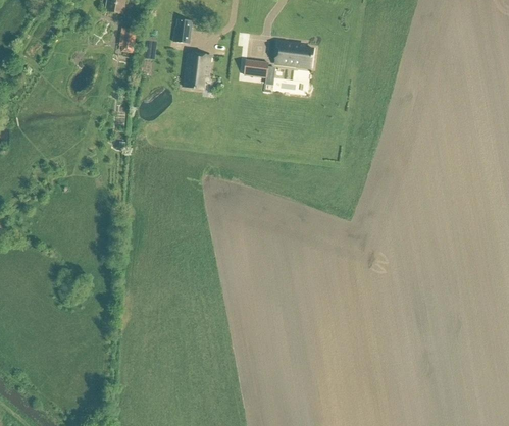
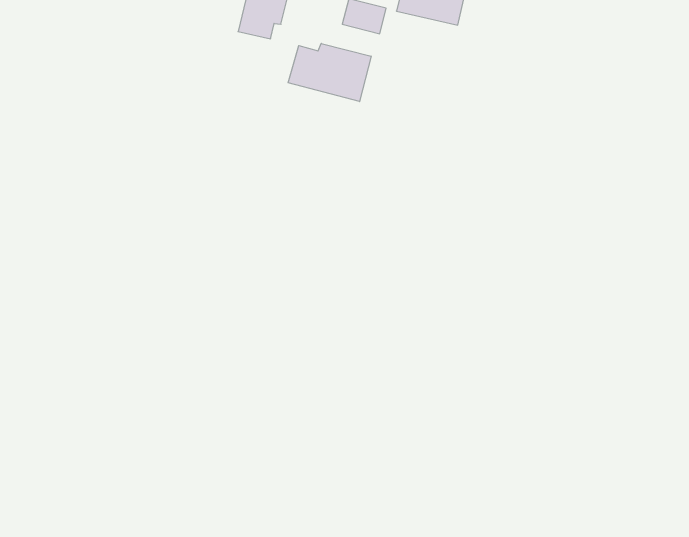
building: none -> [288,43,371,102]

